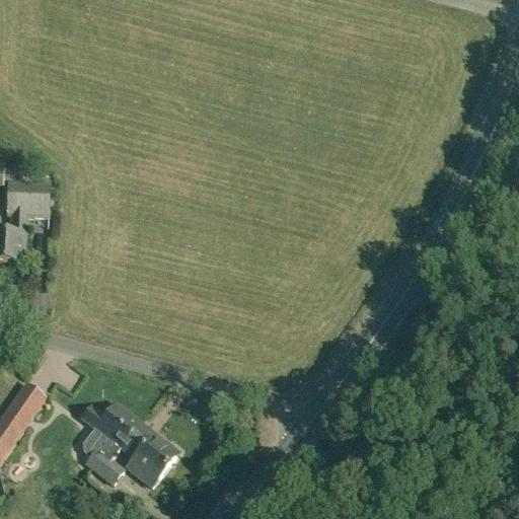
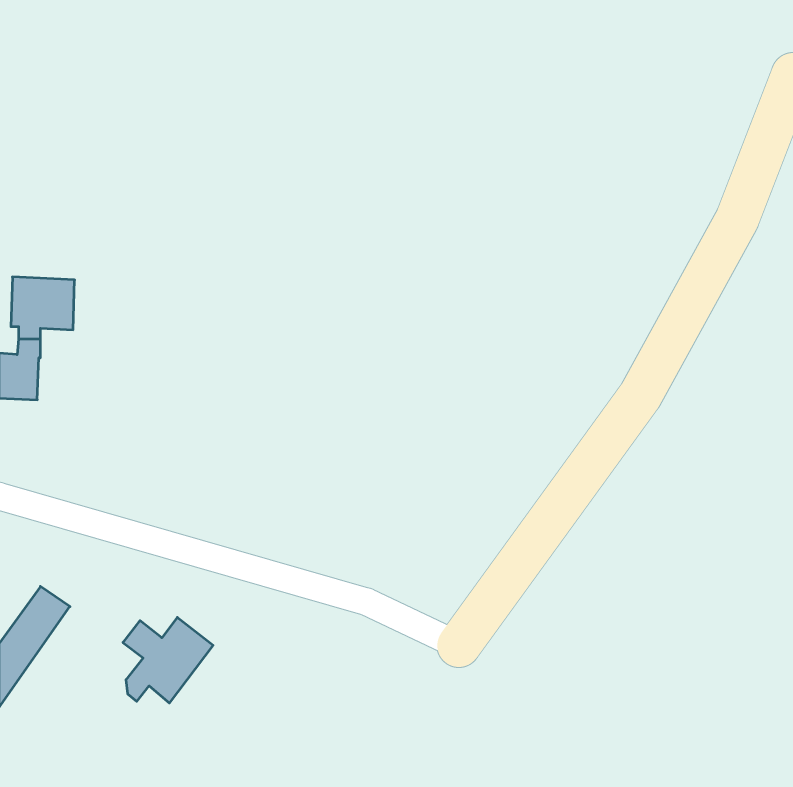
building: [121,421,178,486] -> none
building: [86,447,123,481] -> none

